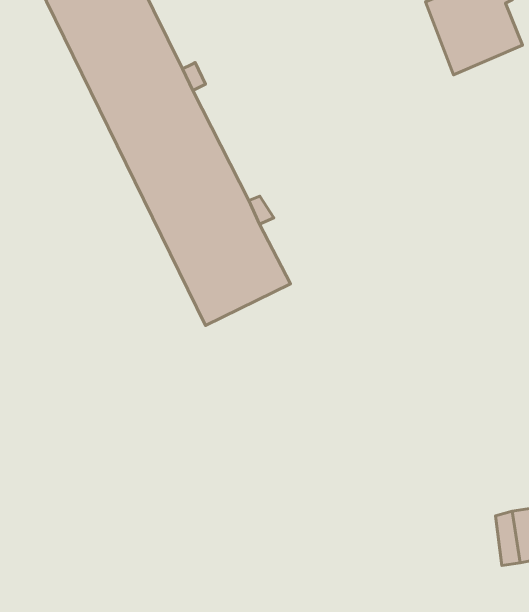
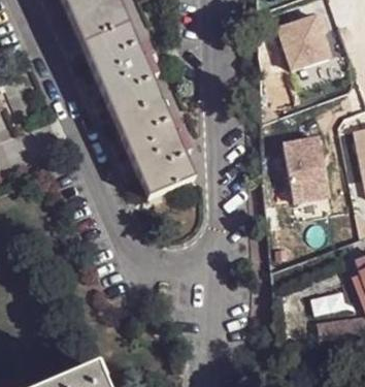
building: none -> [272,130,320,194]

